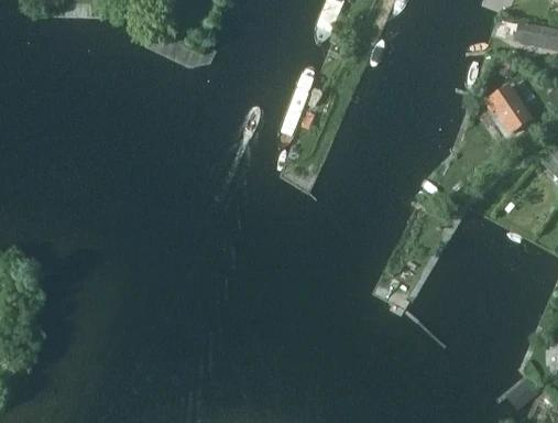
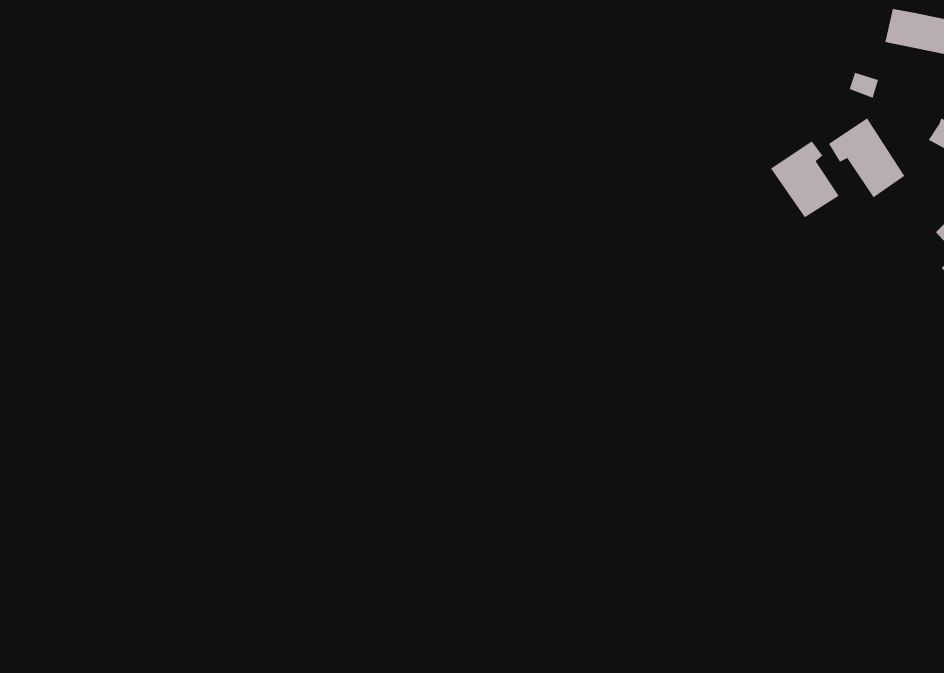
building: none -> [770,141,840,218]

